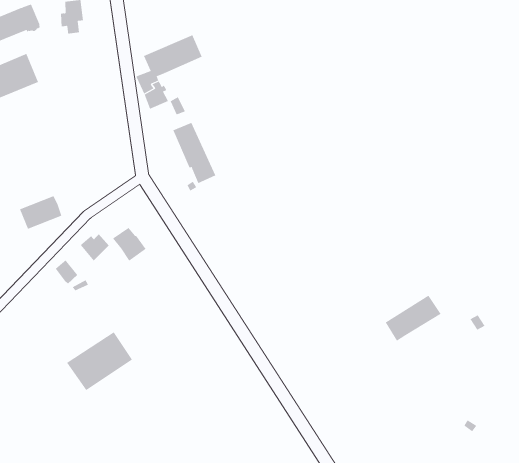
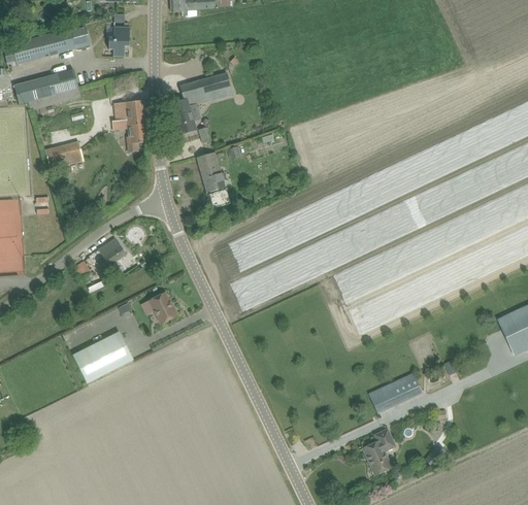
building: none -> [112,99,150,152]
building: [19,195,62,230] -> [45,140,84,168]
building: [112,227,147,261] -> [148,292,178,323]
building: [385,295,442,341] -> [369,373,422,411]
building: none -> [363,428,395,474]

